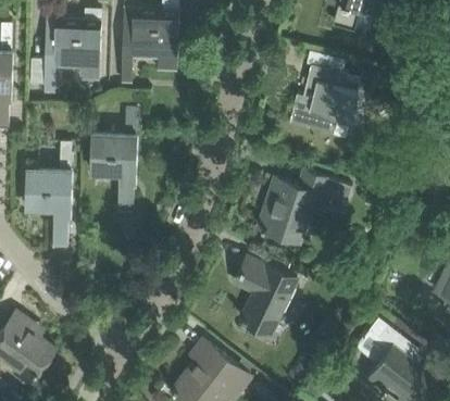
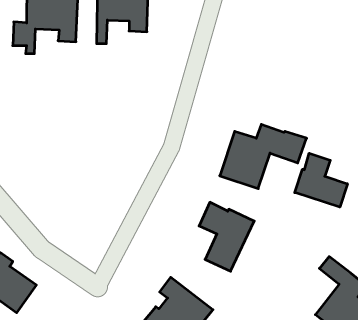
building: [289,66,361,138] -> none
building: [92,108,137,211] -> none
building: [27,143,72,247] -> none
building: none -> [295,153,347,207]

